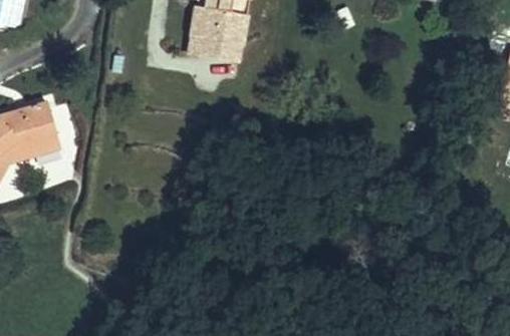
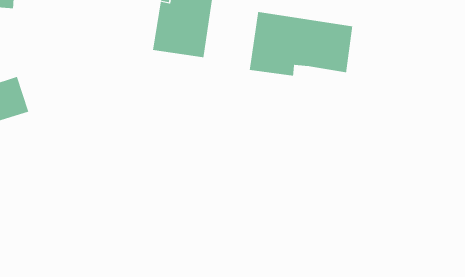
building: none -> [249,11,353,77]

